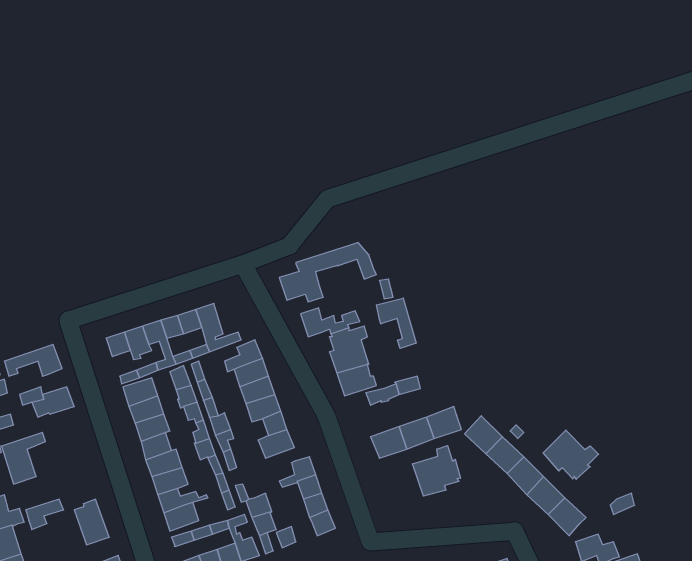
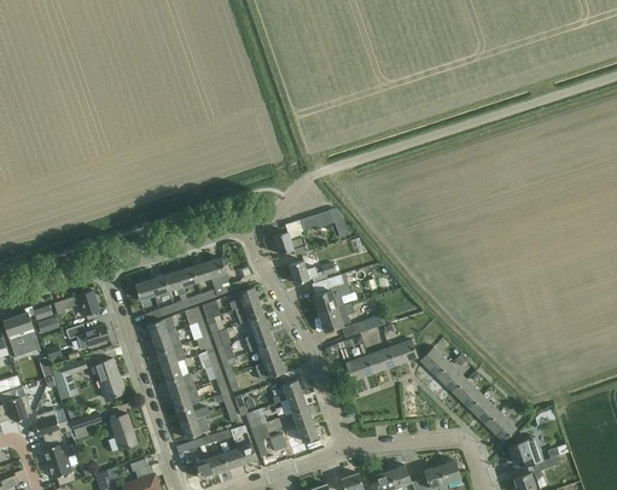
building: [376,298,416,348] -> none
building: [543,430,599,479] -> none
building: none -> [94,358,124,399]
building: [413,446,461,496] -> none

